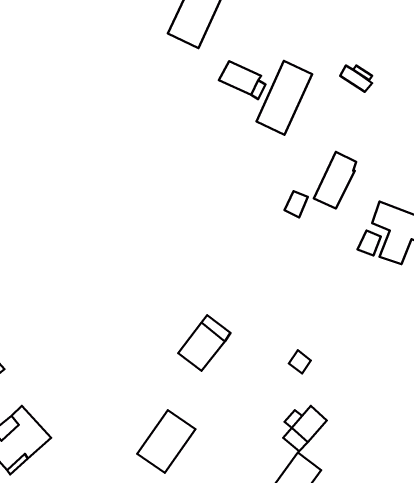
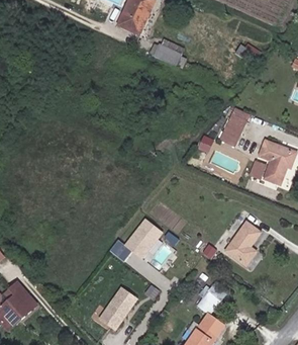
building: [256,61,312,135] -> none
building: none -> [225,222,261,266]

